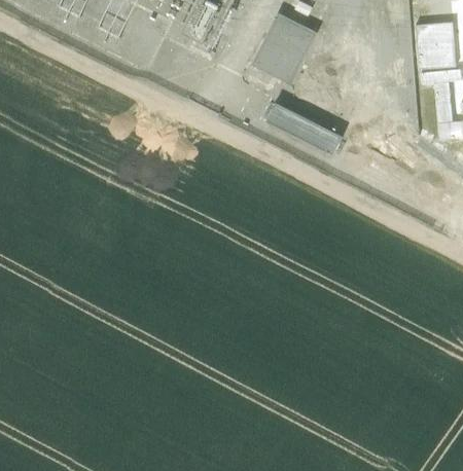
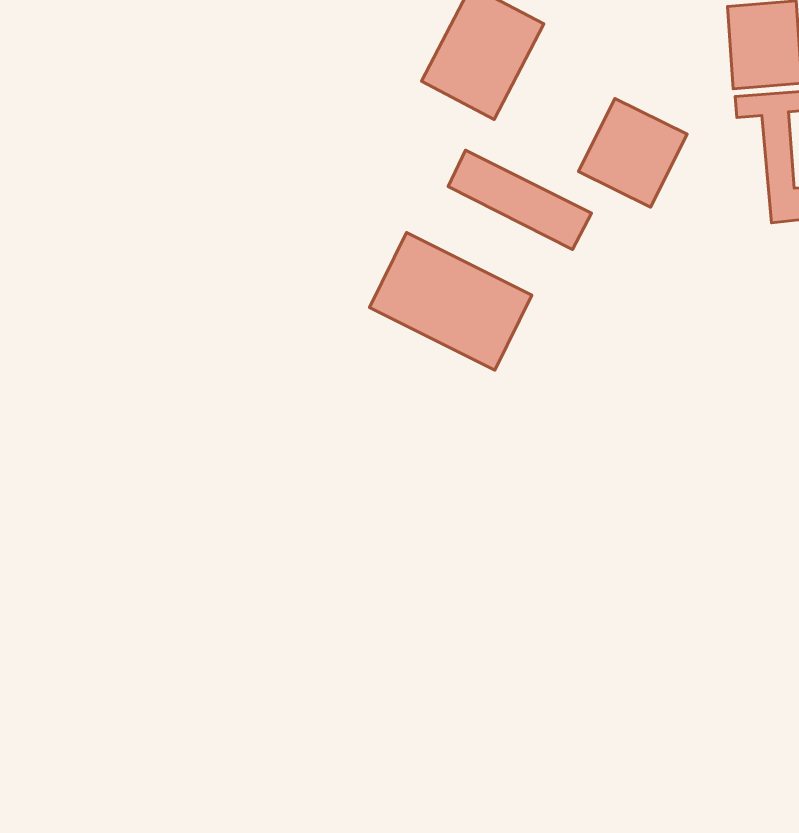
building: none -> [578,98,687,207]
building: none -> [370,233,532,370]

